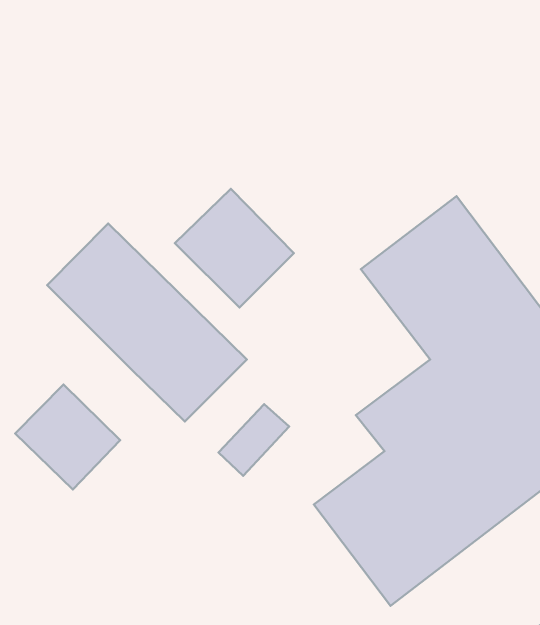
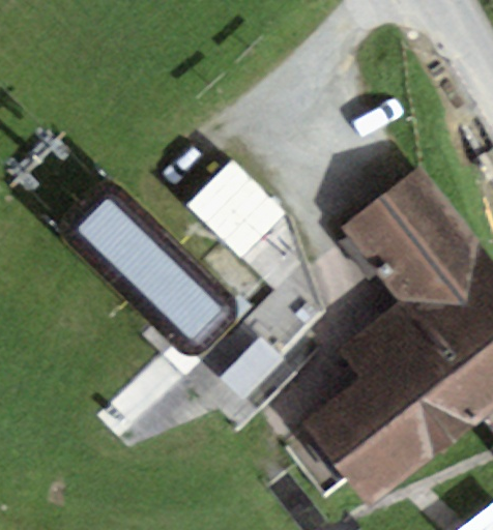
building: [15,384,120,489] -> none

